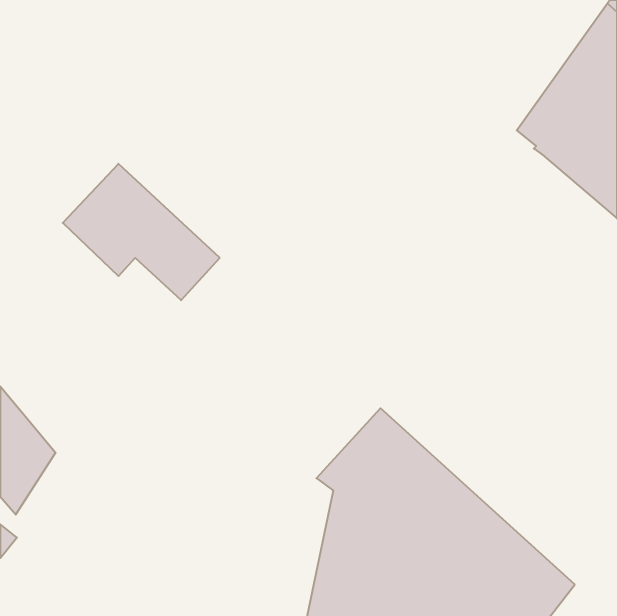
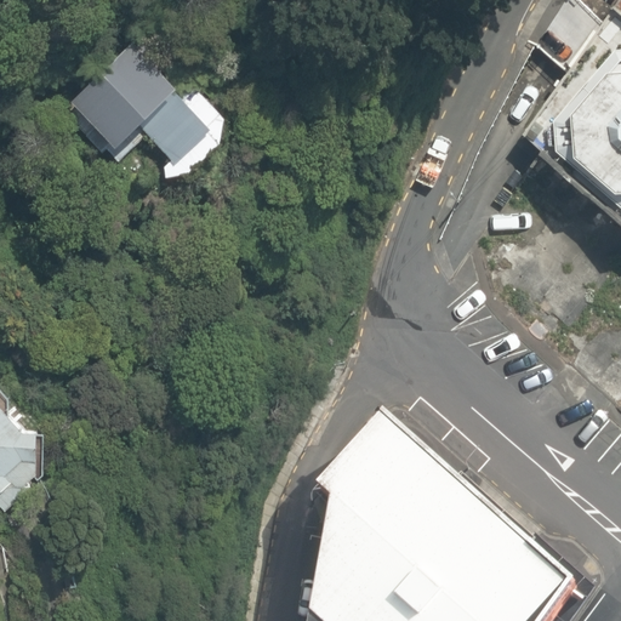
building: [63,164,220,300] -> [68,40,226,177]

